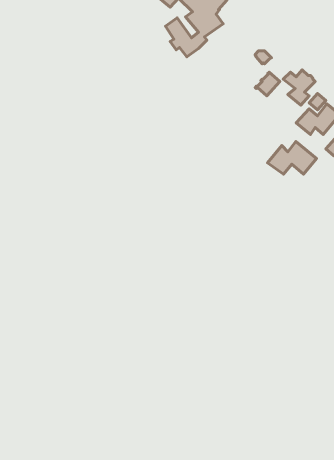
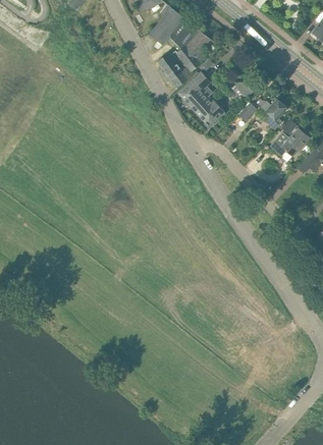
building: none -> [179,72,225,128]
building: [268,141,316,174] -> none

